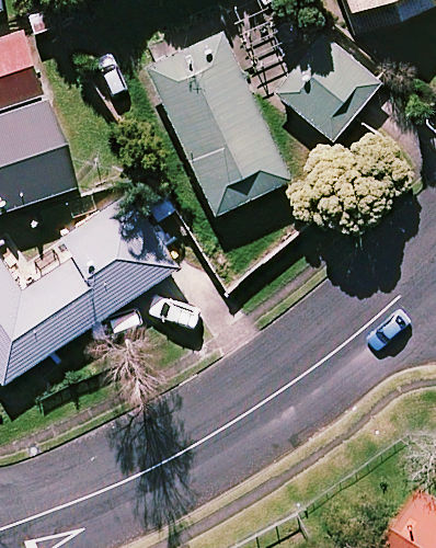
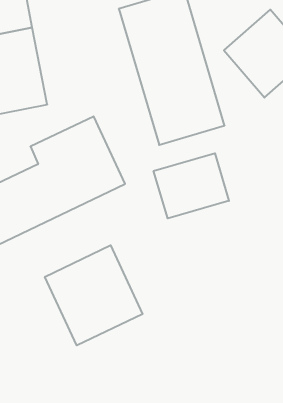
building: none -> [154,153,229,218]
building: none -> [45,245,143,345]

